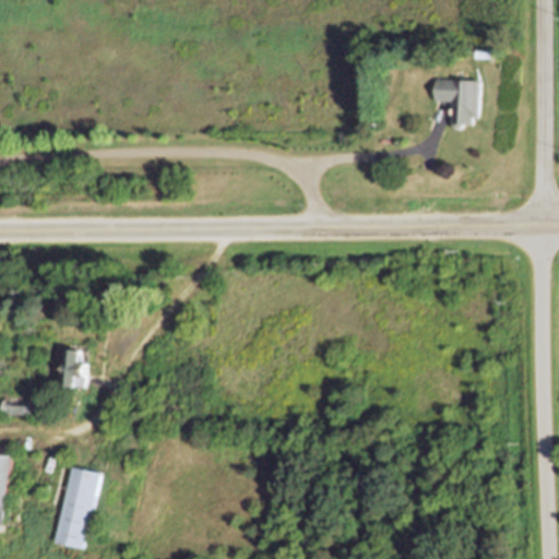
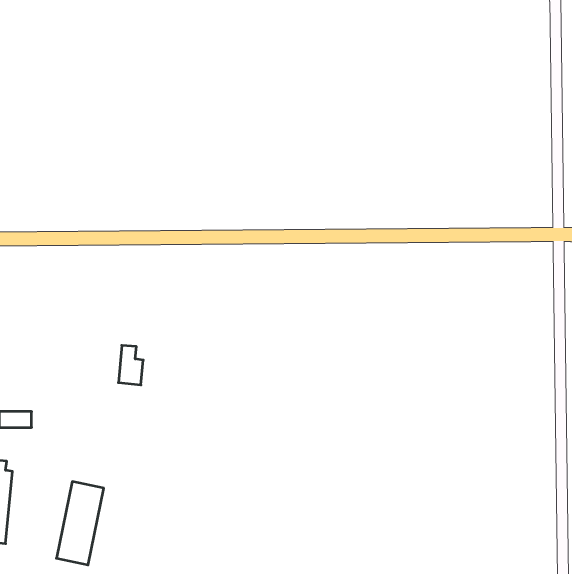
building: [435,81,478,129] -> none
building: [61,350,85,389] -> [118,345,143,385]

